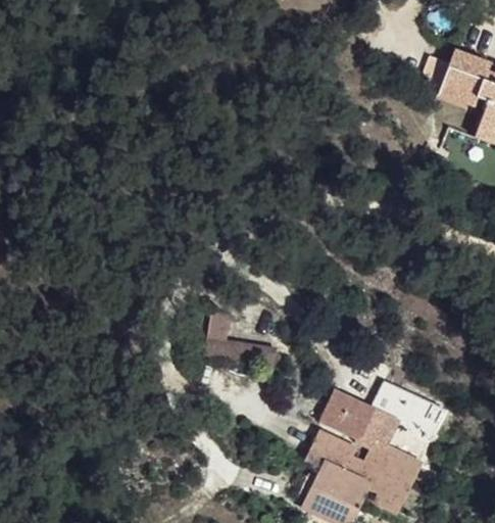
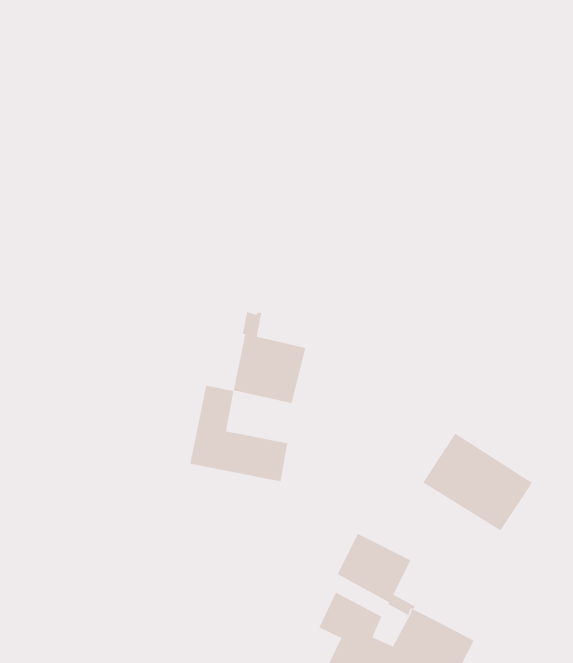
building: none -> [233,311,306,404]
building: [367,373,444,436] -> [422,433,533,531]

